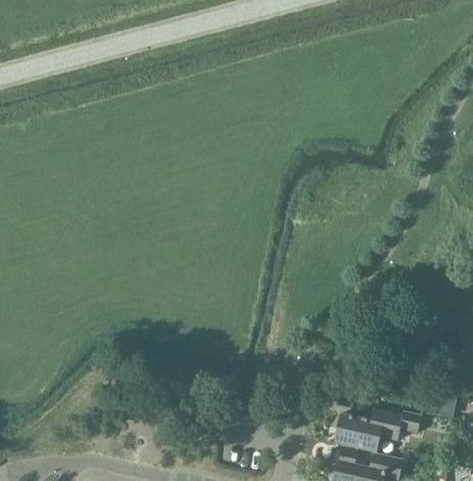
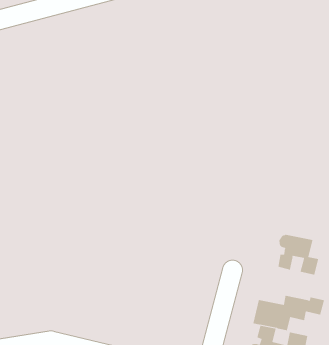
building: none -> [278,234,319,276]

